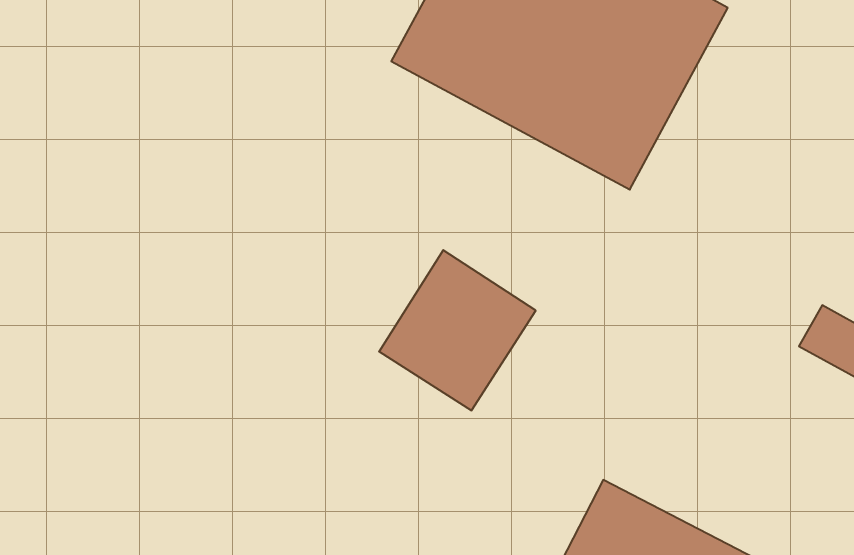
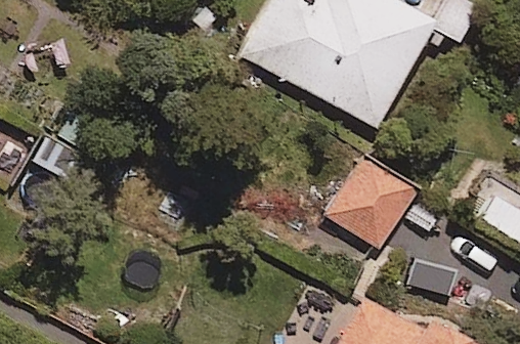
building: [379,250,536,410] -> [328,155,418,247]

